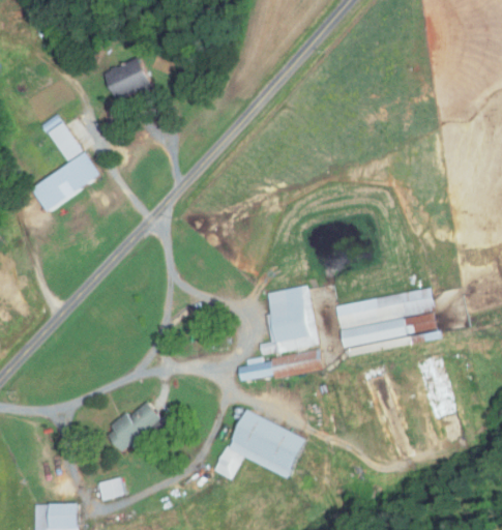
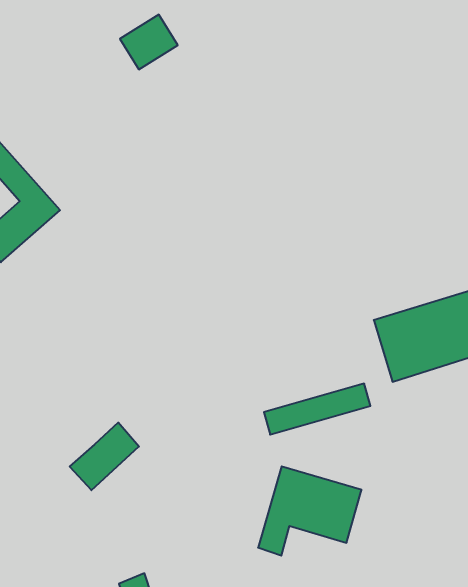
building: [104,58,149,99] -> [120,15,178,69]
building: [260,286,319,355] -> none
building: [105,402,163,452] -> [70,423,139,490]

